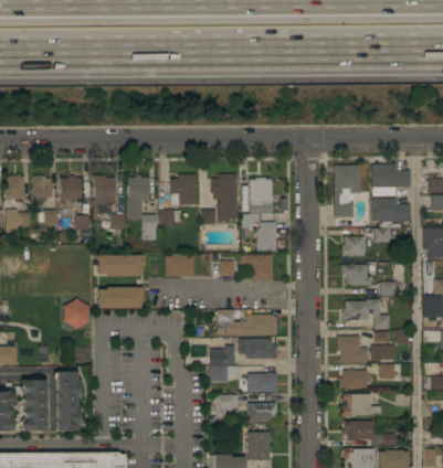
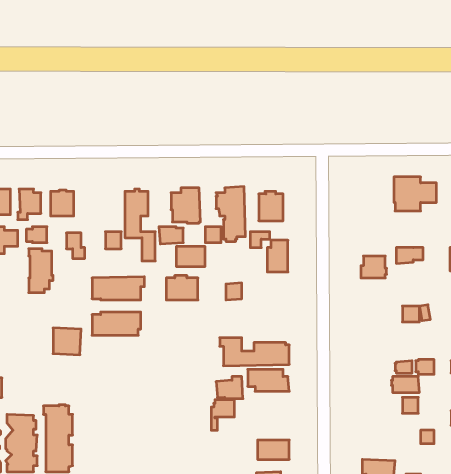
building: [335,166,360,217] -> none
building: [94,176,116,215] -> [29,249,53,293]
building: [372,199,411,222] -> none
building: none -> [177,246,205,267]
building: [241,255,273,280] -> none
building: [342,265,379,285] -> none
building: [342,299,390,329] -> none
building: [337,337,369,362] -> none
building: [339,369,368,389] -> none
building: [247,372,277,392] -> none
building: [215,394,239,418] -> none
building: [344,394,381,417] -> none

